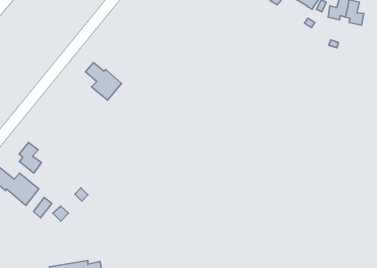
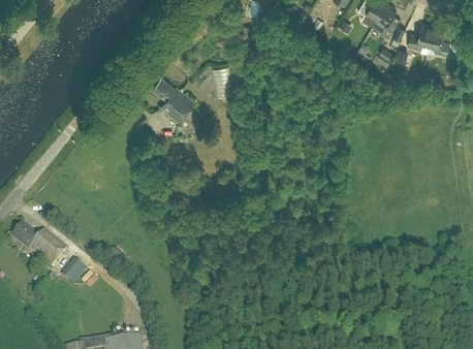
building: [86,62,121,100] -> [153,78,195,123]
building: [19,142,42,173] -> none

